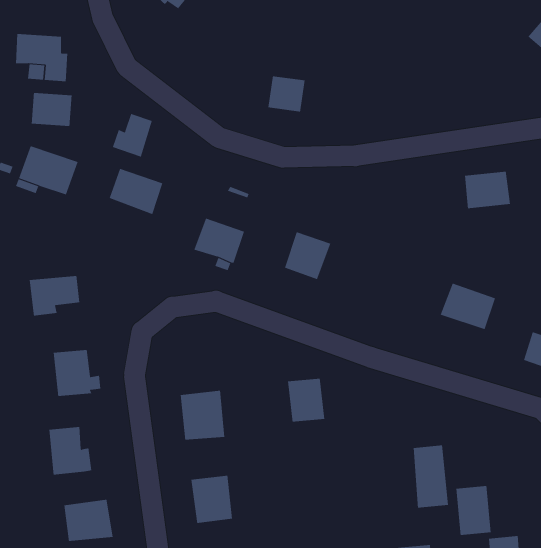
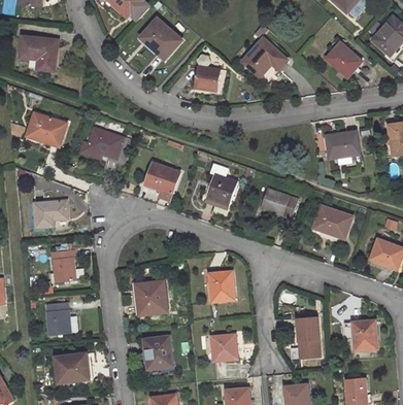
building: none -> [143,18,183,59]
building: none -> [241,36,287,80]
building: none -> [324,40,361,75]
building: [31,92,72,127] -> none
building: [112,113,153,158] -> none
building: none -> [260,188,298,220]
building: none -> [211,335,236,361]
building: [455,486,492,535] -> [351,318,376,352]

